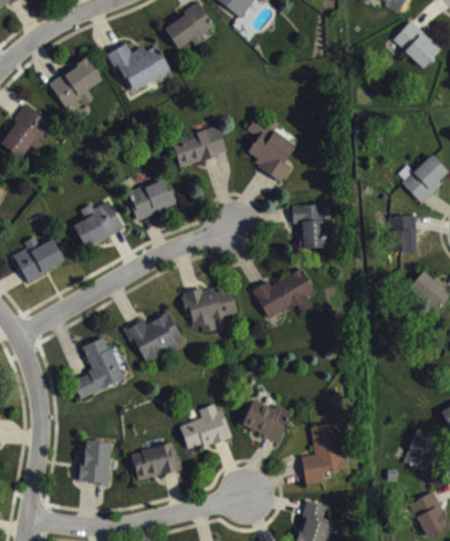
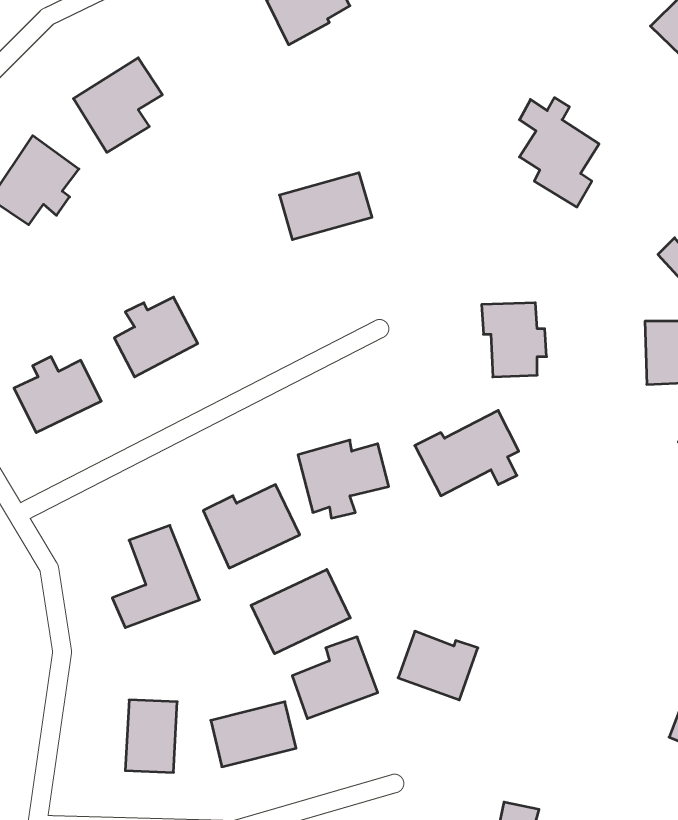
building: [109,43,170,92] -> none
building: [248,116,295,181] -> [519,98,599,207]
building: [126,178,178,219] -> none
building: none -> [251,569,350,654]
building: [302,422,347,483] -> none

